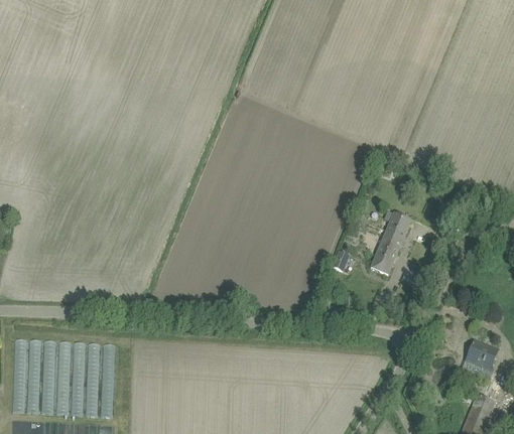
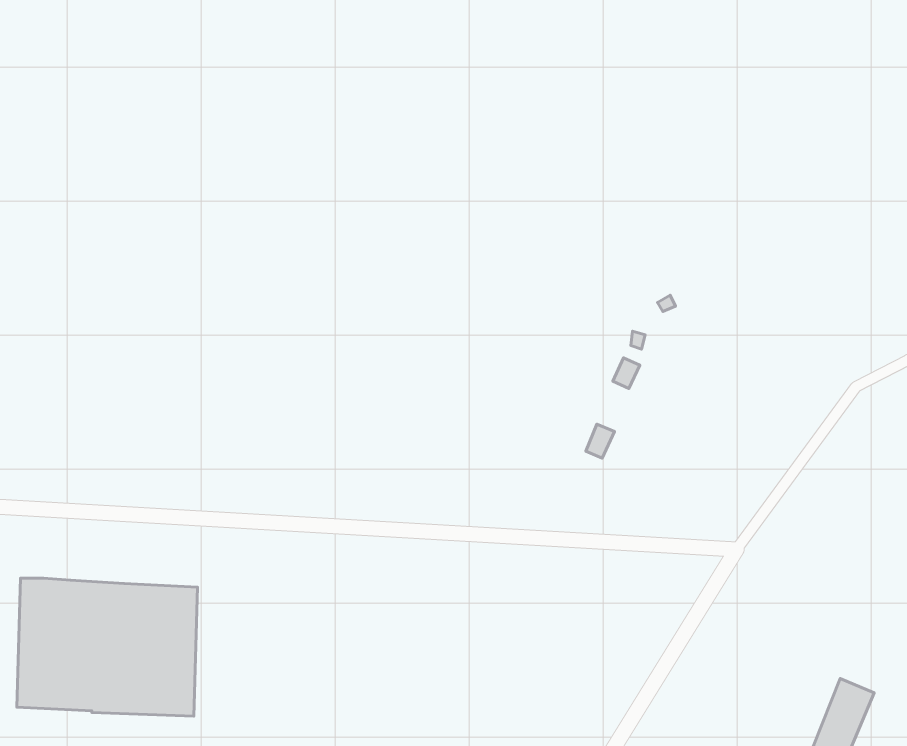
building: [370,213,410,275] -> none
building: [466,340,497,371] -> none

